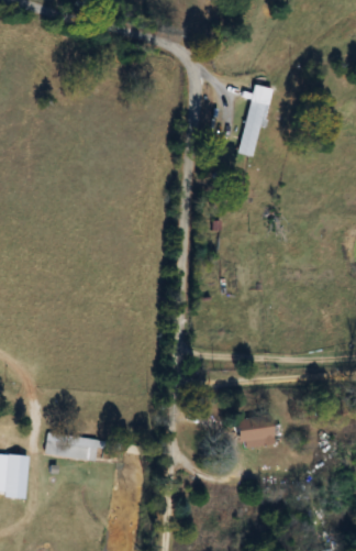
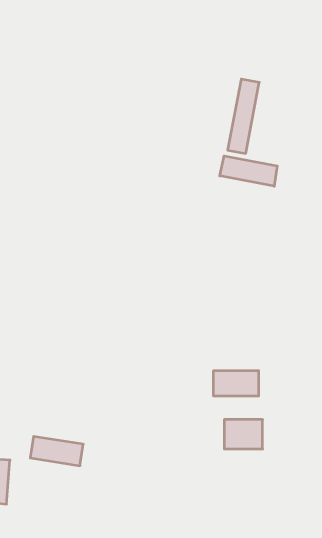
building: none -> [220,156,277,186]
building: none -> [214,371,259,396]

